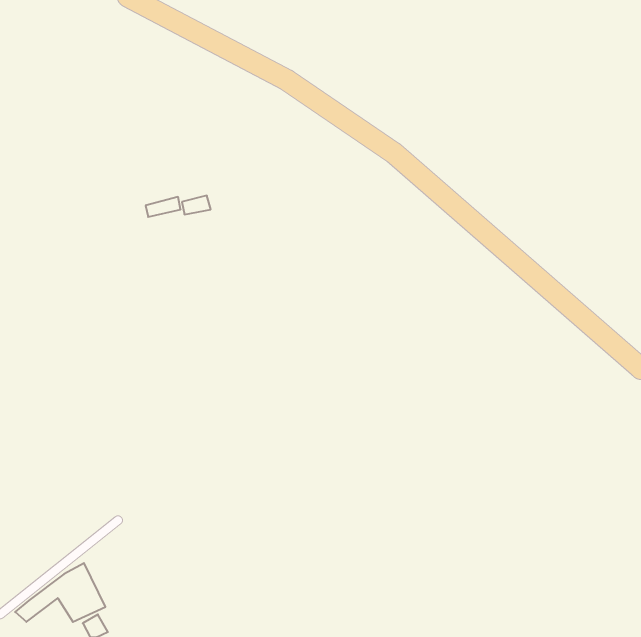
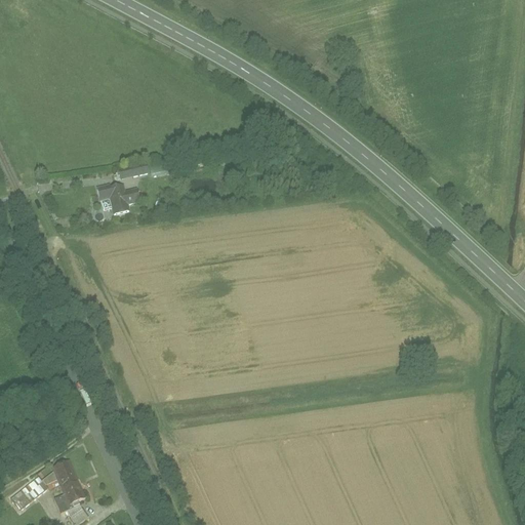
building: none -> [97,184,139,212]

